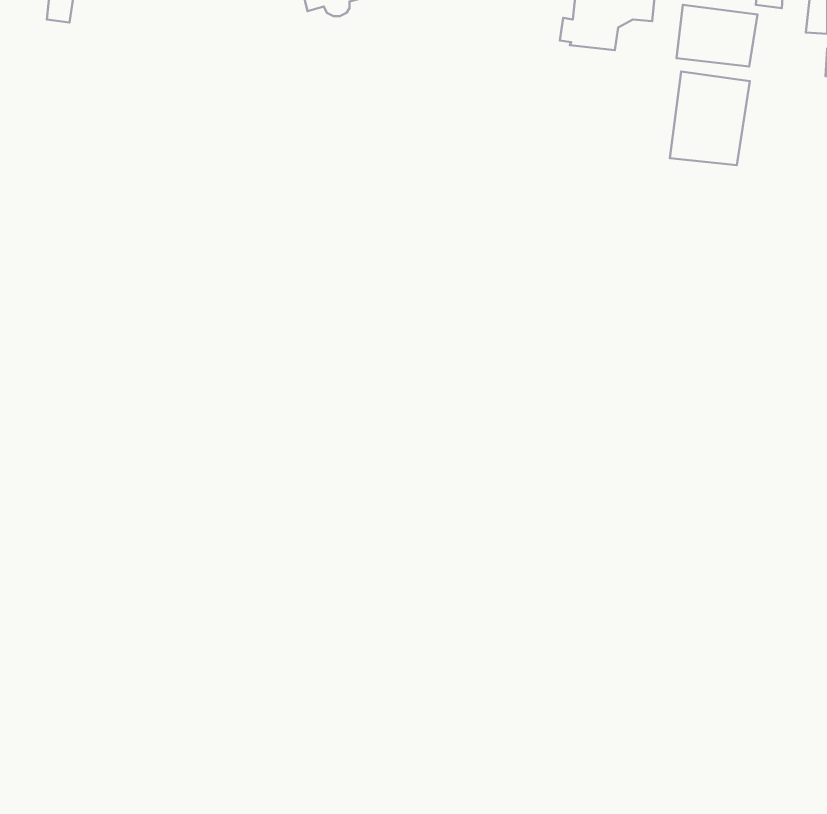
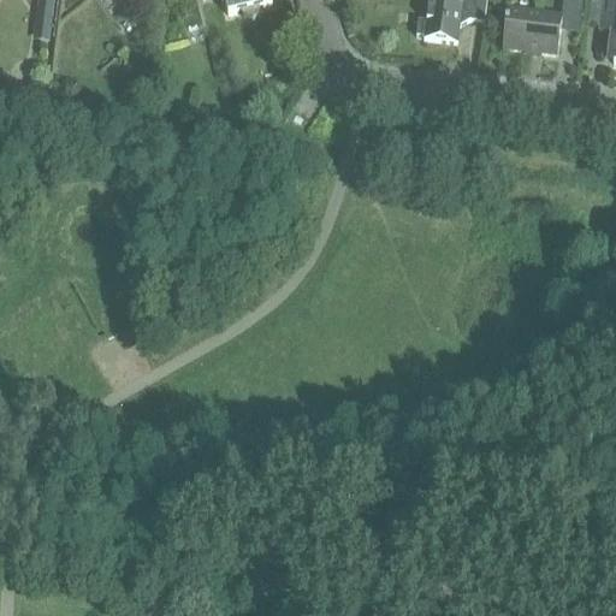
building: [670,72,750,165] -> none

